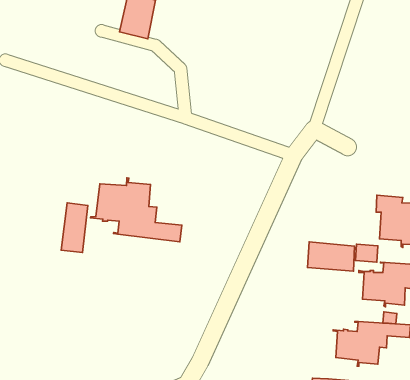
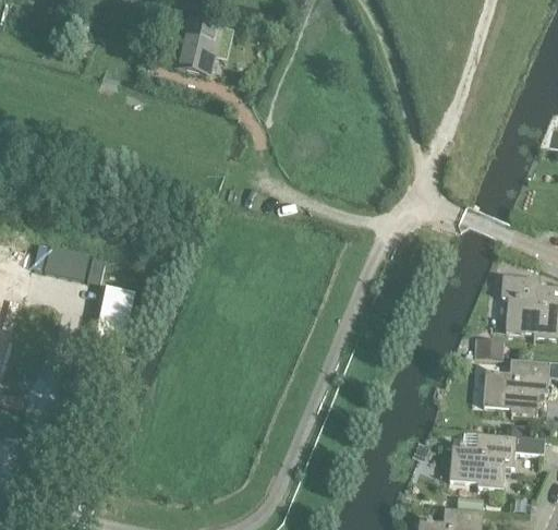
building: none -> [49,241,109,280]
building: [91,178,182,242] -> none
building: [308,242,355,271] -> none

